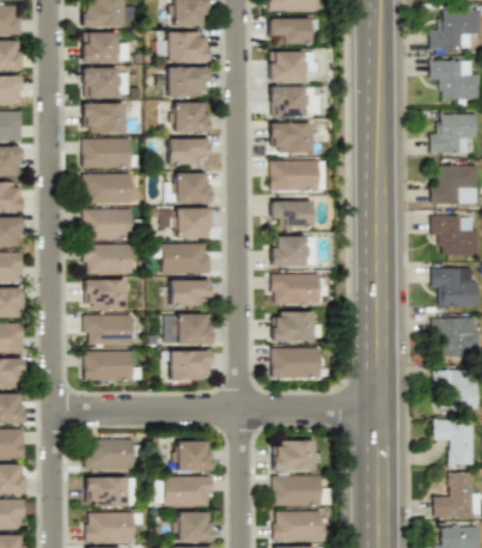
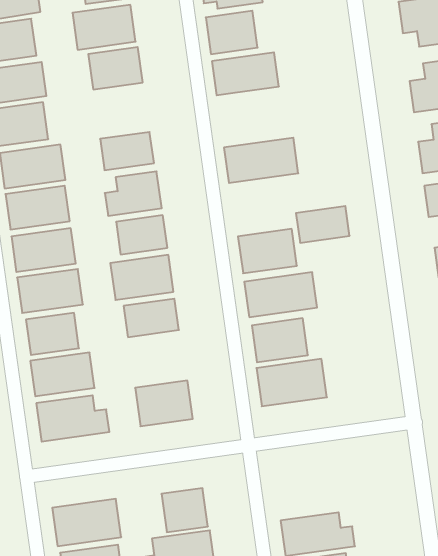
building: [172,102,209,133] -> none
building: [269,121,312,153] -> none
building: [270,201,312,226] -> [296,206,350,243]
building: [164,313,212,345] -> none
building: [273,440,316,473] -> none

